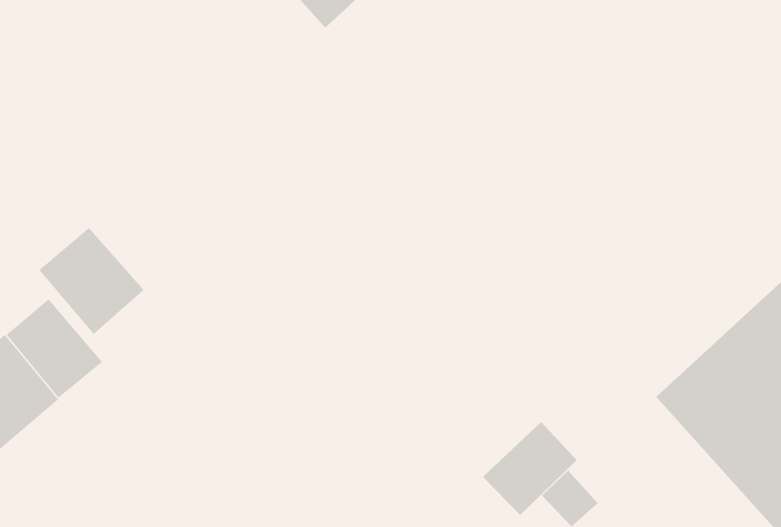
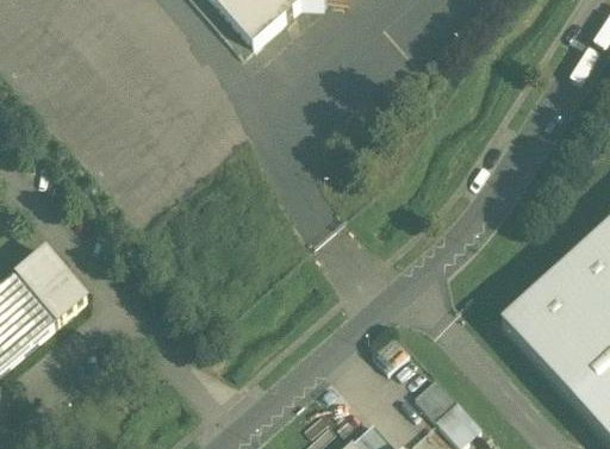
building: [39,227,144,335] -> none
building: [482,421,578,516] -> none

